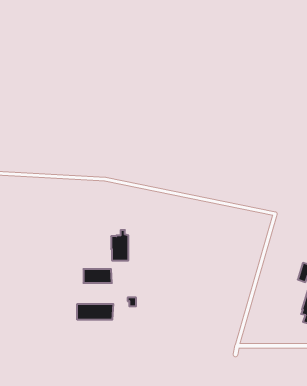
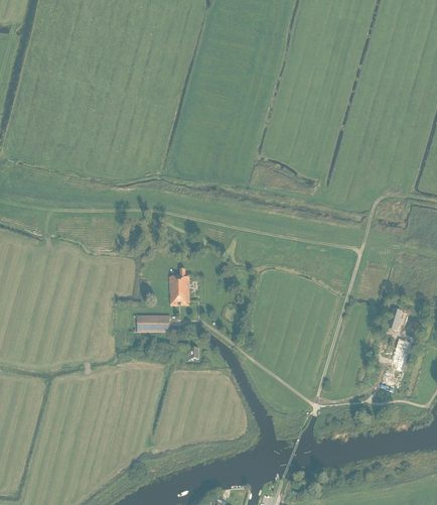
building: [77,304,113,320] -> none

